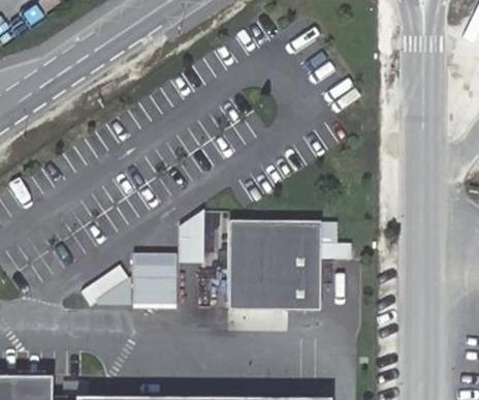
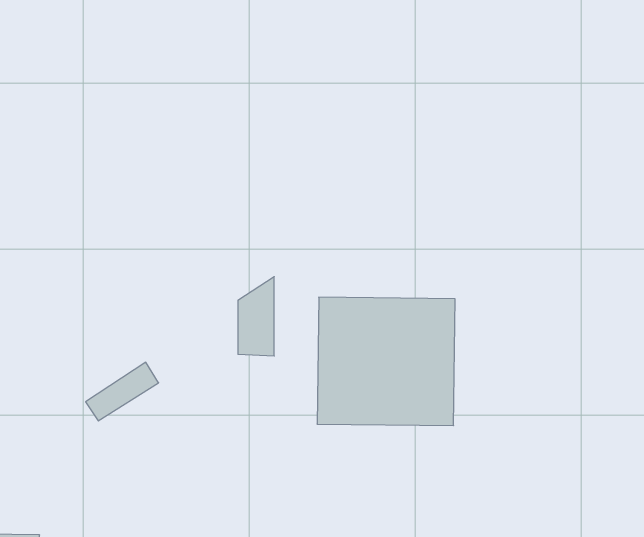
building: [133,253,171,300] -> none

